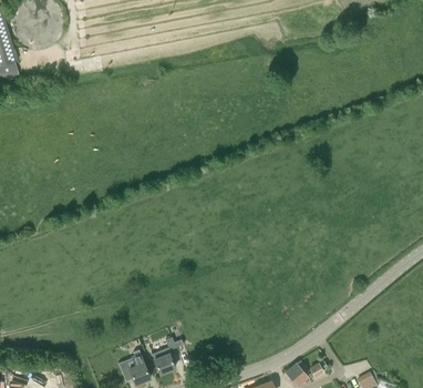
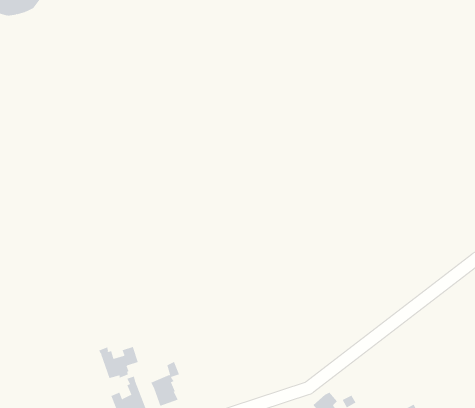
building: none -> [98,346,138,379]

